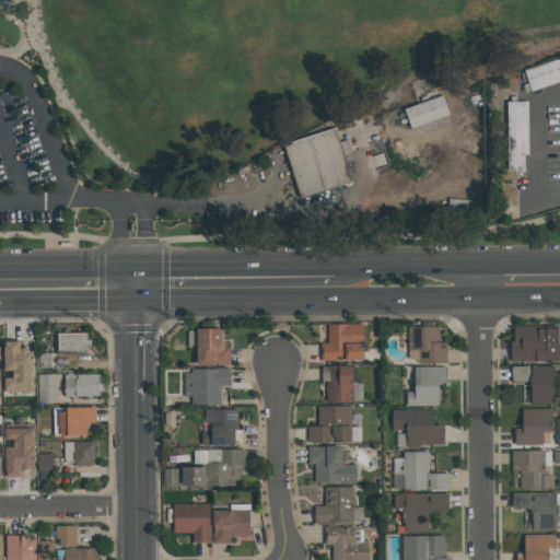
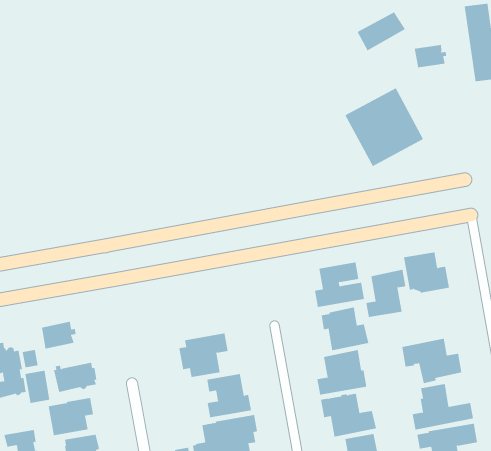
building: [282,130,352,200] -> [345,88,424,167]
building: none -> [414,44,447,68]
building: [188,328,231,365] -> none
building: [407,366,447,406] -> [366,269,406,318]

